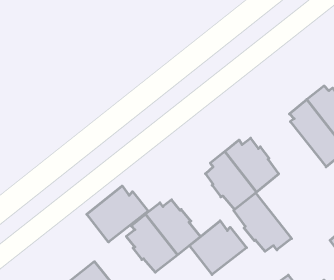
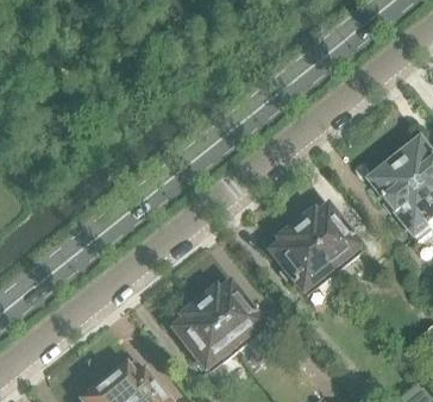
building: [87,186,148,242] -> none
building: [234,193,292,251] -> none
building: [189,221,247,275] -> none

